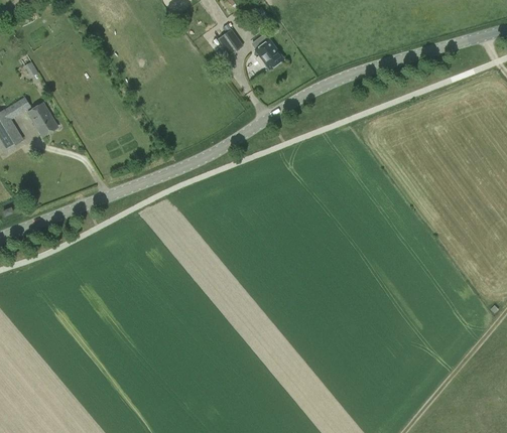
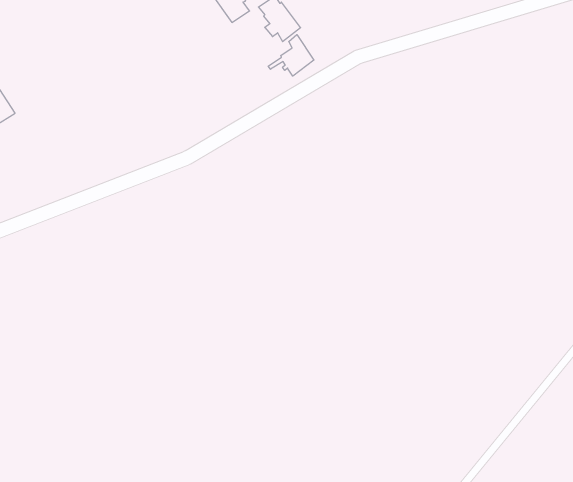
building: none -> [268,35,314,76]

